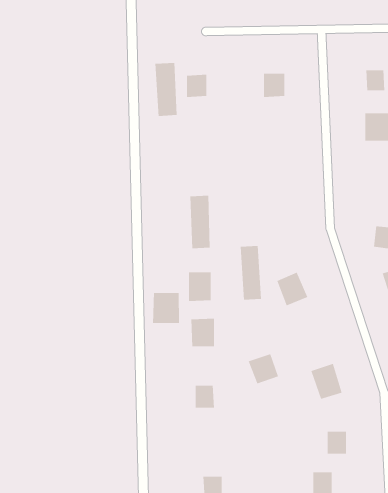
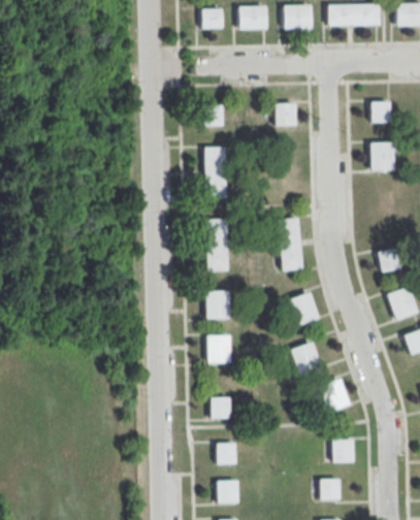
building: [154,63,178,116] -> [204,145,226,196]
building: [240,245,262,300] -> [280,216,300,267]
building: [153,292,179,324] -> none
building: [248,353,279,384] -> [290,342,319,370]
building: none -> [218,445,236,466]

